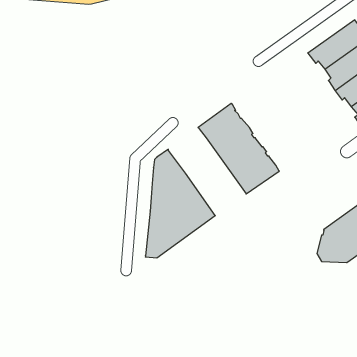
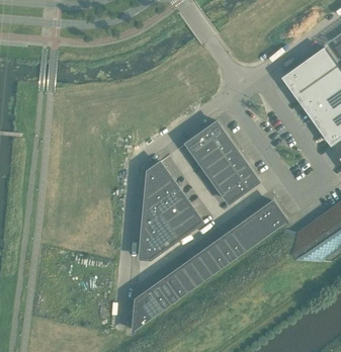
building: none -> [133,201,287,331]

